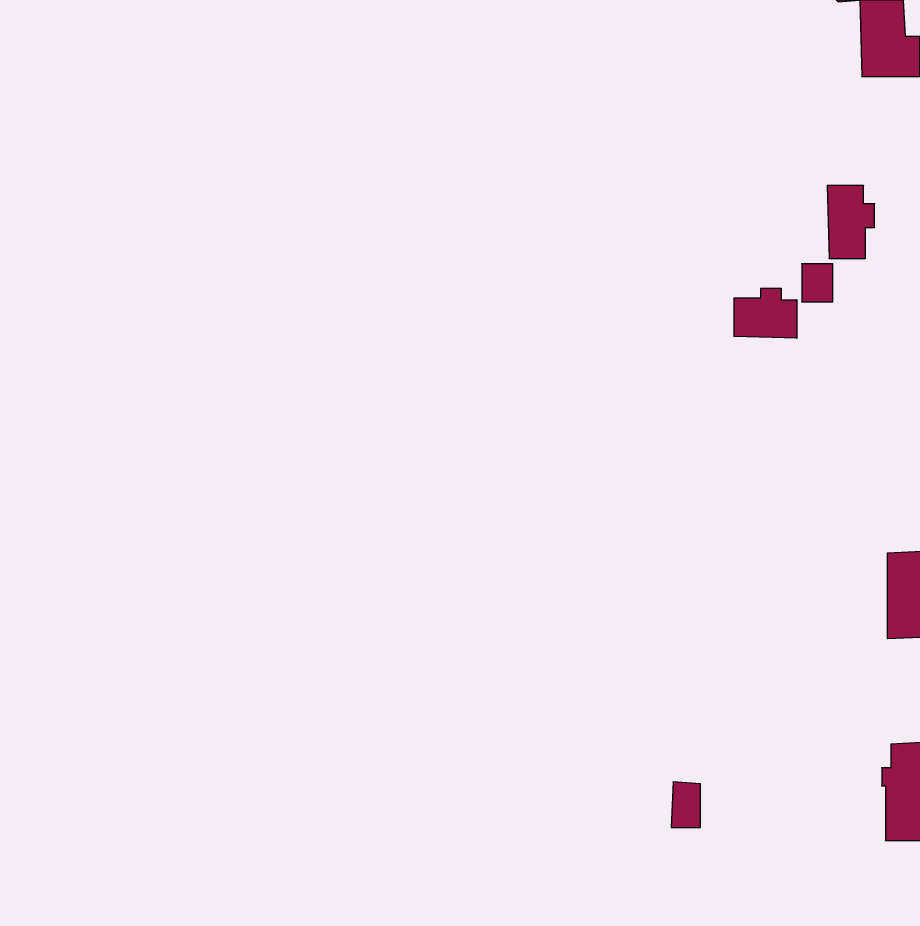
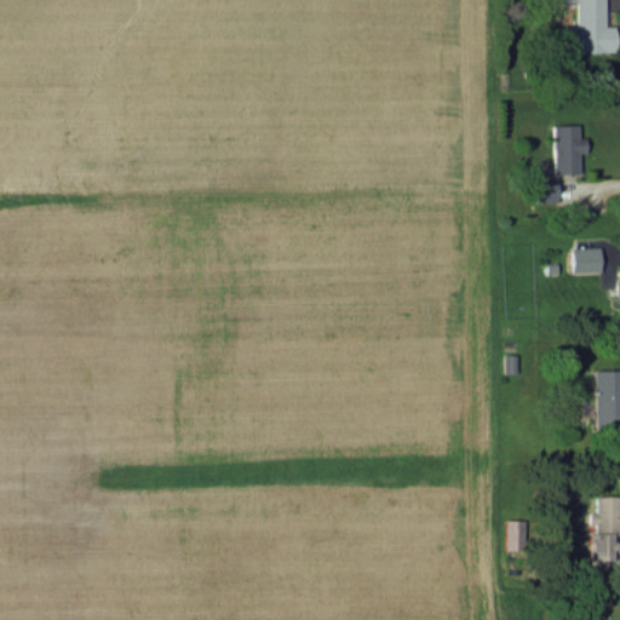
building: [734,288,797,338] -> none
building: none -> [574,248,603,274]
building: [671,782,700,827] -> [509,521,528,551]

